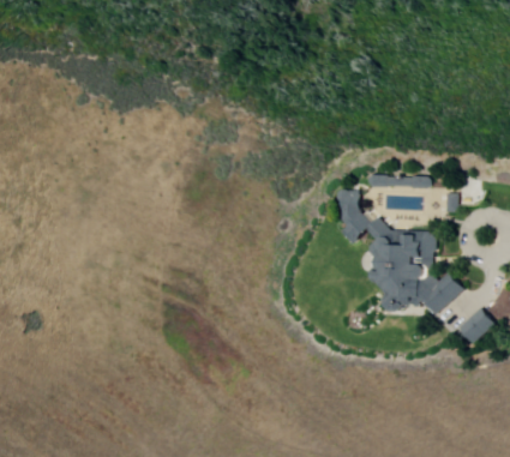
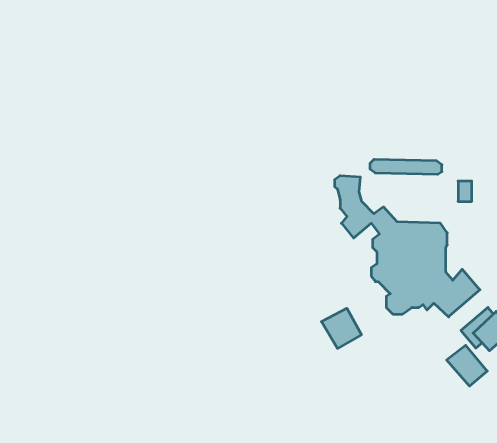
building: none -> [321,308,361,348]
building: none -> [447,345,487,386]

